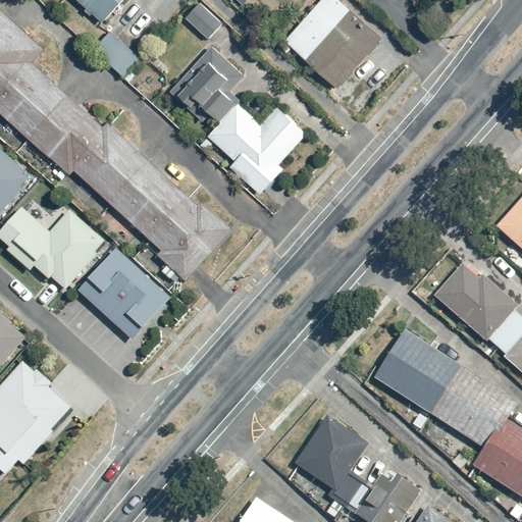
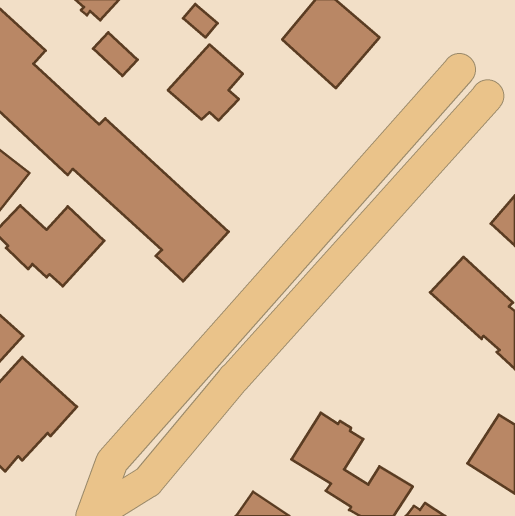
building: [207,102,311,194] -> none
building: [76,248,169,338] -> none
building: [374,329,510,446] -> none

